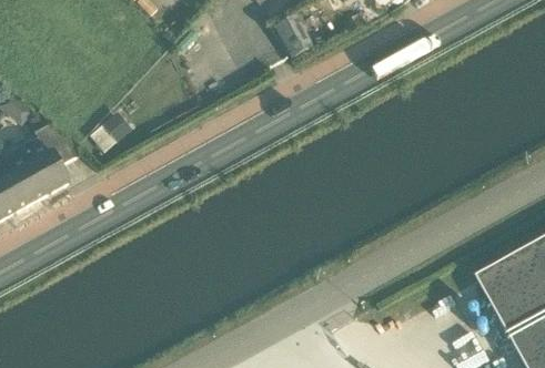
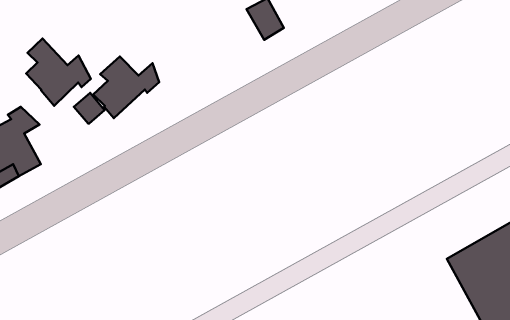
building: none -> [26,39,91,106]
building: none -> [93,56,159,118]

